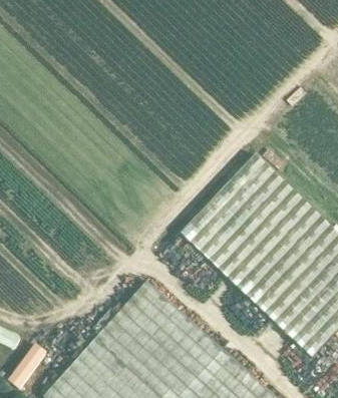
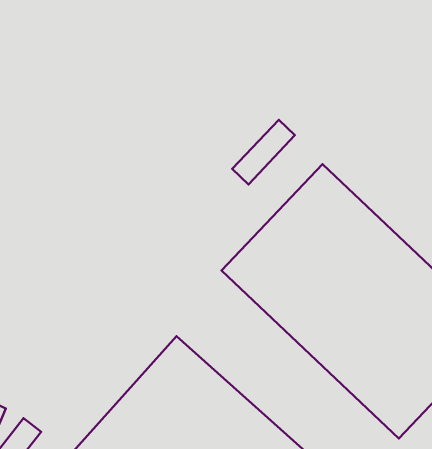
building: none -> [232,120,295,184]

